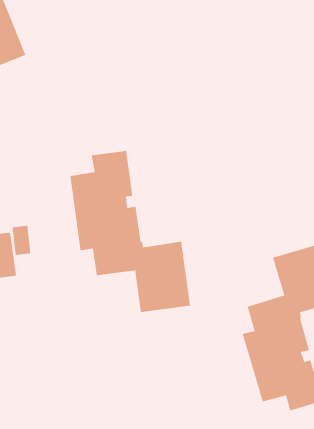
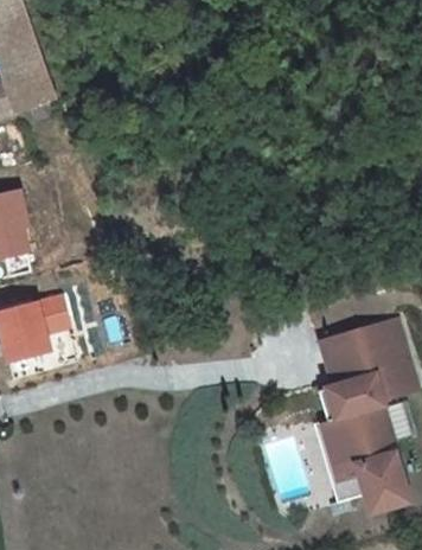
building: [70,150,191,313] -> none
building: none -> [322,332,363,384]

